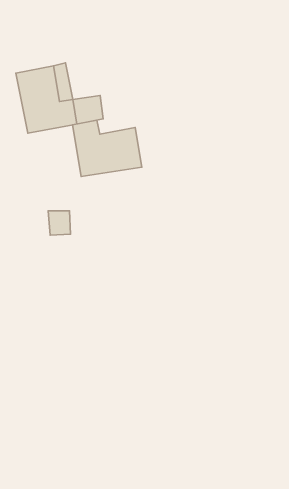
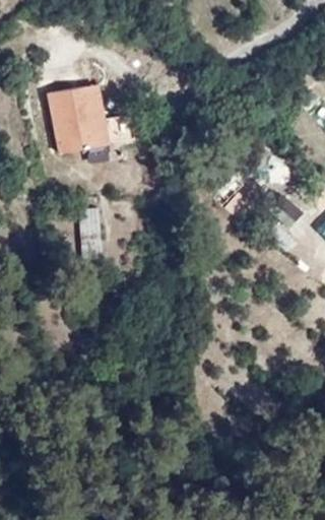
building: [73,120,142,176] -> none

